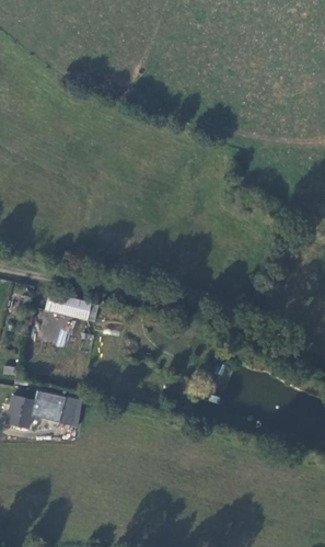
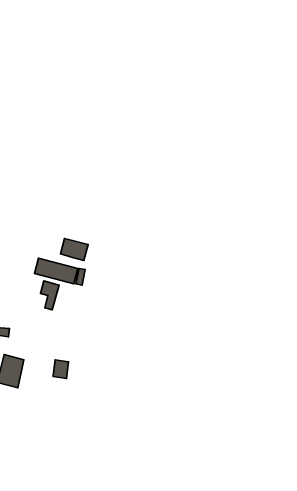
building: none -> [61,239,88,261]
building: [33,391,67,423] -> none

